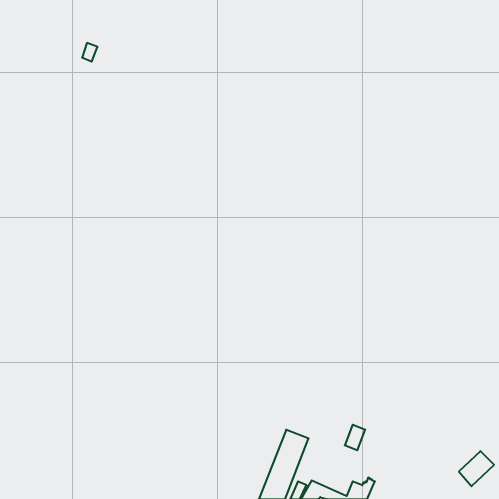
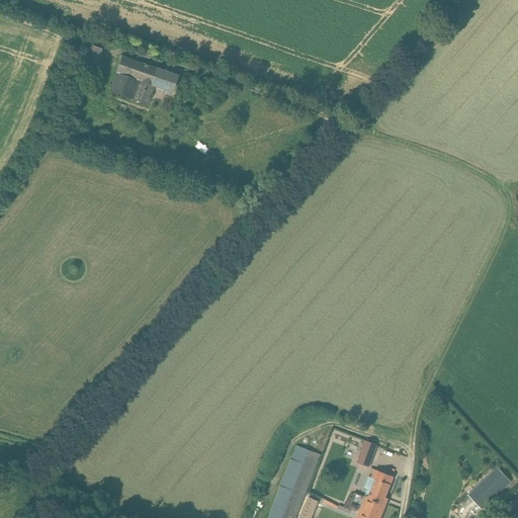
building: none -> [109,56,177,105]
building: none -> [365,469,394,503]

